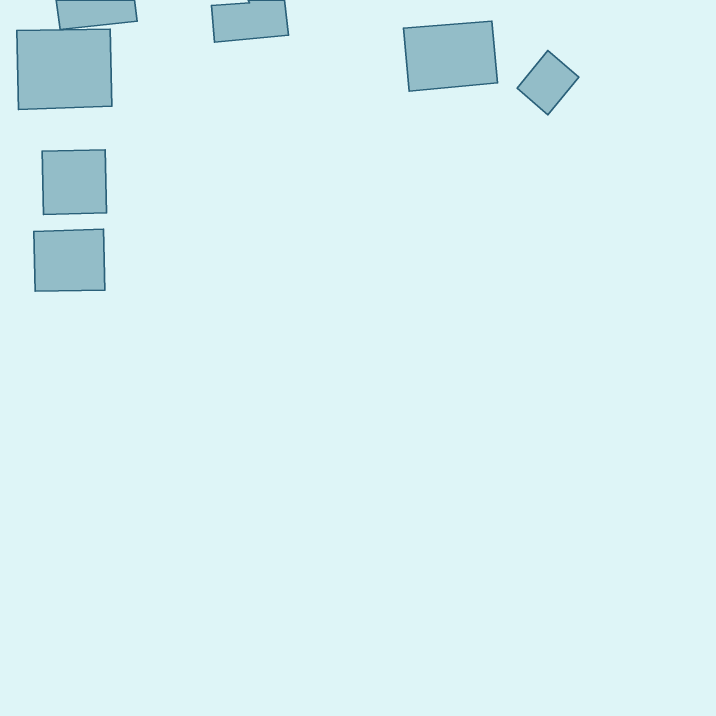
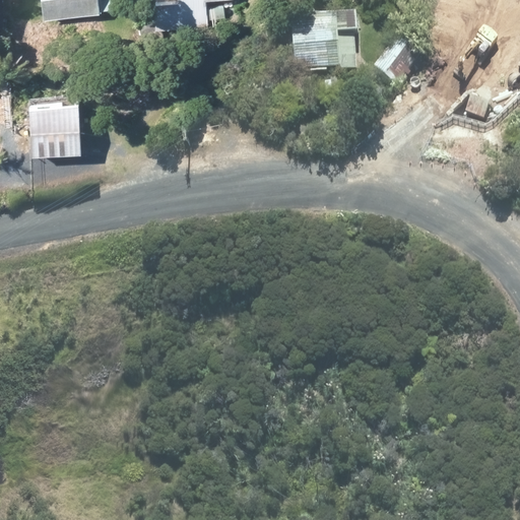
building: [17,29,112,109] -> none
building: [34,229,105,291] -> none

